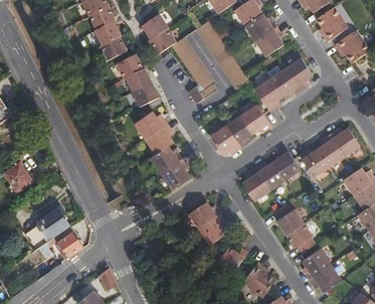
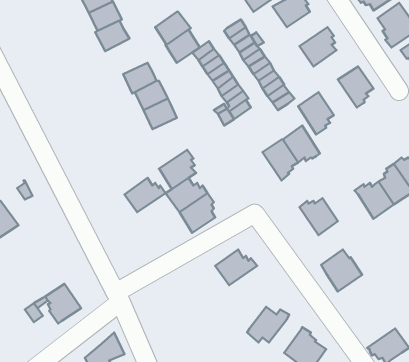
building: [244,14,276,41] -> none
building: [100,36,127,61] -> none
building: [269,67,300,96] -> none
building: [134,111,166,138] -> [124,178,165,212]
building: [210,125,240,154] -> none
building: [272,147,300,179] -> none
building: [241,168,269,200] -> none
building: [35,207,69,238] -> none
building: [199,214,228,246] -> none
building: [285,221,316,253] -> none
building: [302,249,330,279] -> none

